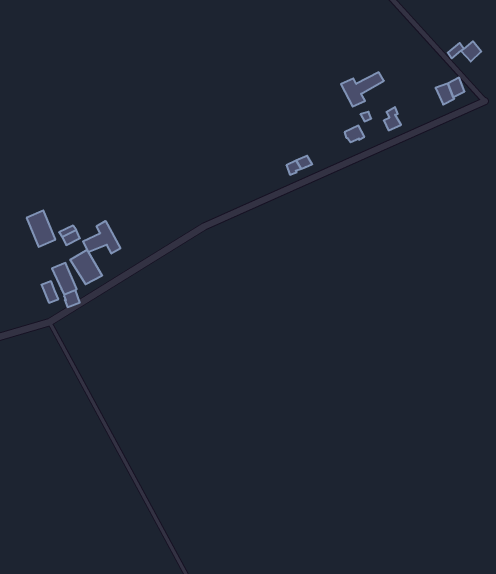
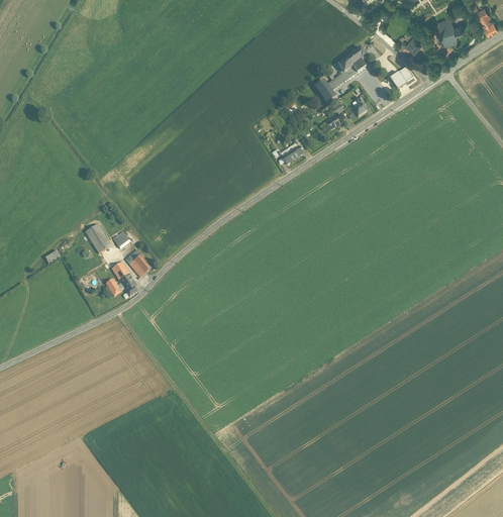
building: none -> [337,46,367,78]
building: [83,221,120,254] -> none

